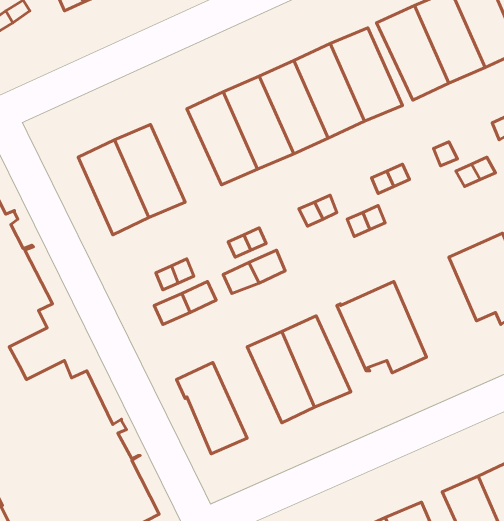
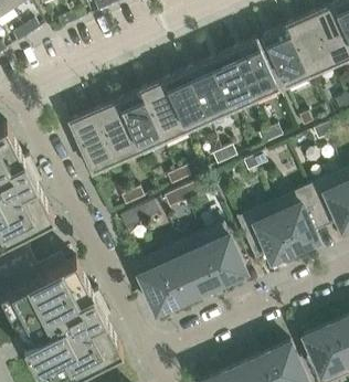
building: none -> [117,91,162,150]
building: none -> [273,185,326,250]
building: none -> [157,243,201,301]

